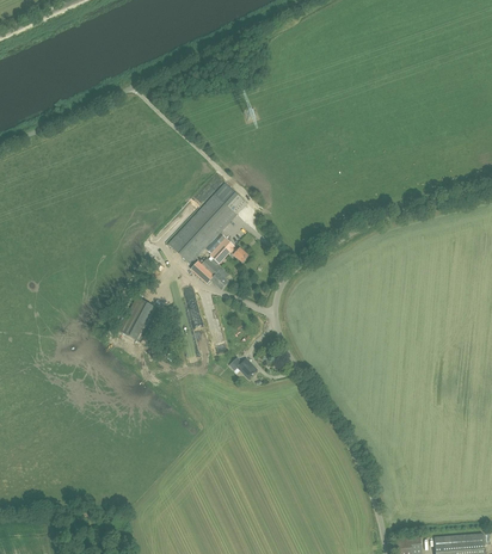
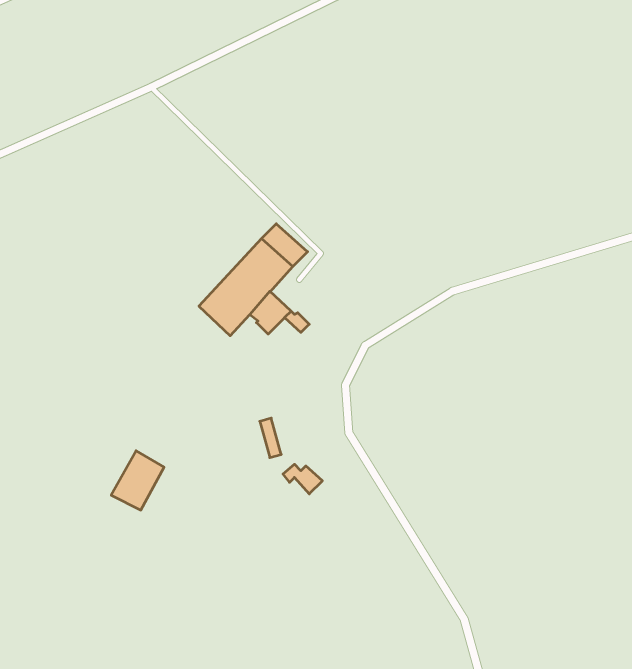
building: [190,257,229,289] -> none
building: [119,297,158,340] -> [111,451,164,510]

